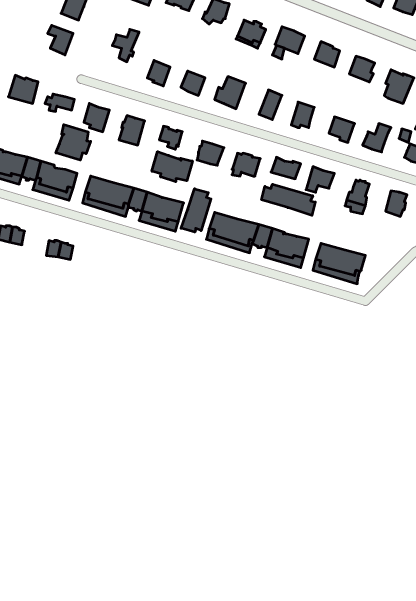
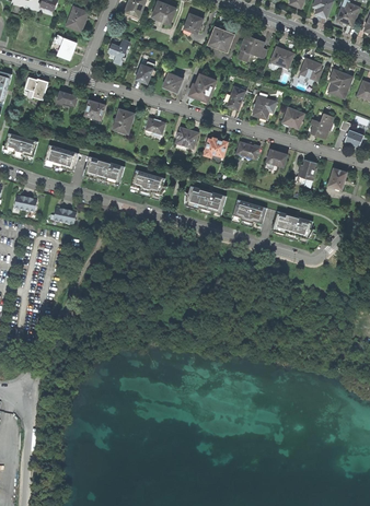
building: [56,125,91,160] -> none
building: [152,152,192,182] -> none
building: [262,184,315,215] -> none
building: [181,189,211,232] -> none

